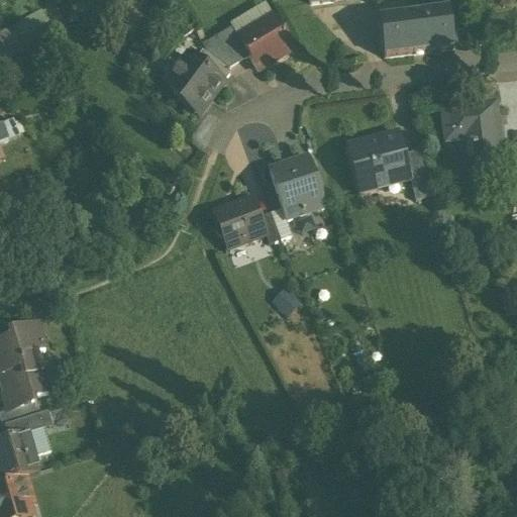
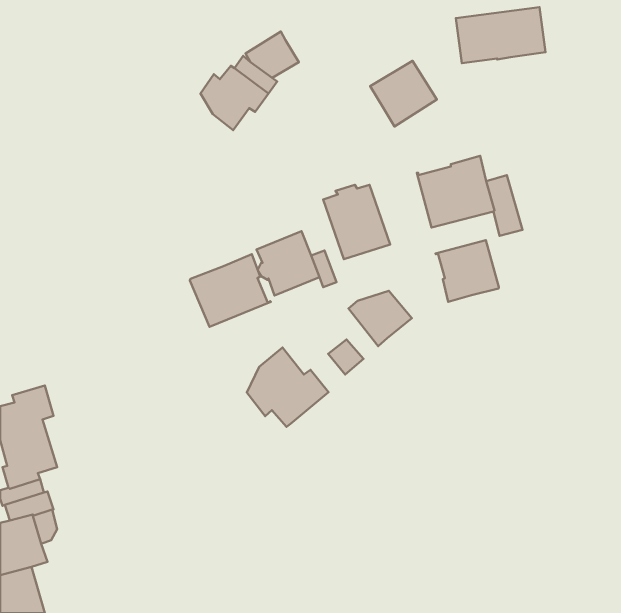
building: [237,12,293,67] -> [370,61,437,126]
building: [441,99,503,165] -> none
building: none -> [435,240,499,302]
building: none -> [190,254,271,327]
building: none -> [348,291,412,346]
building: none -> [247,347,329,427]

